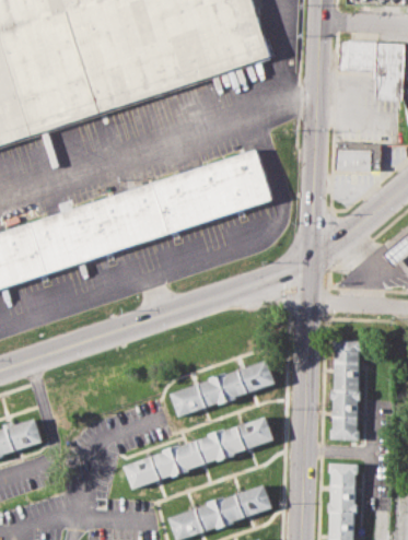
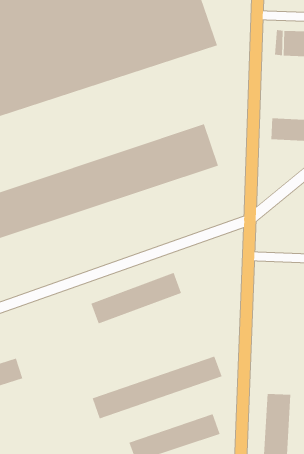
building: [329,337,363,439] -> none
building: [173,360,279,420] -> [91,272,182,324]

